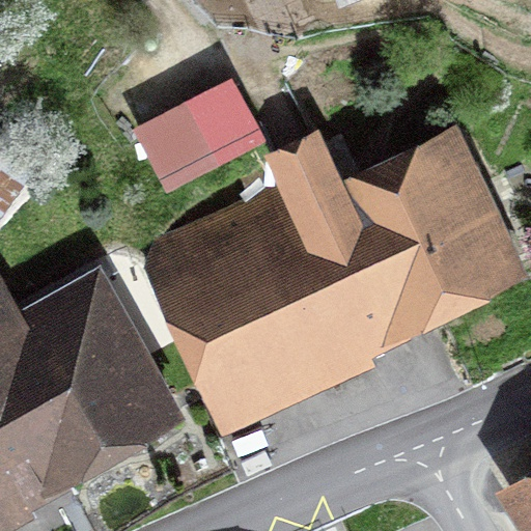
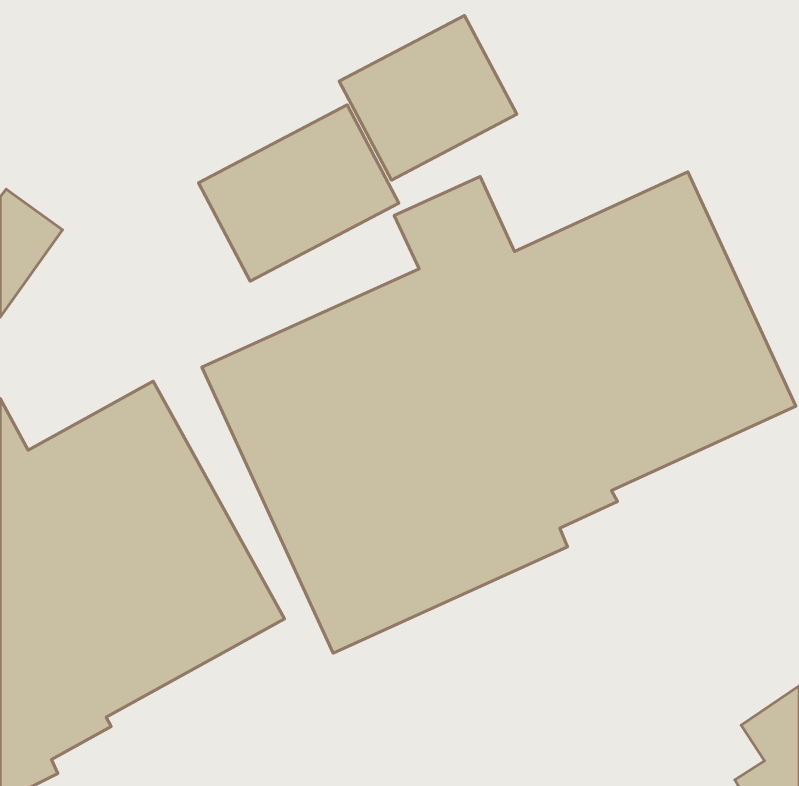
building: none -> [339,15,517,180]

